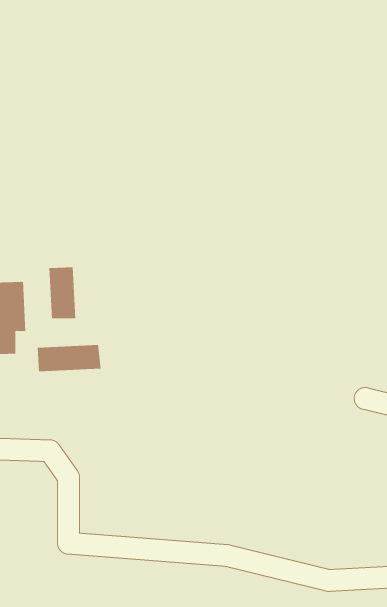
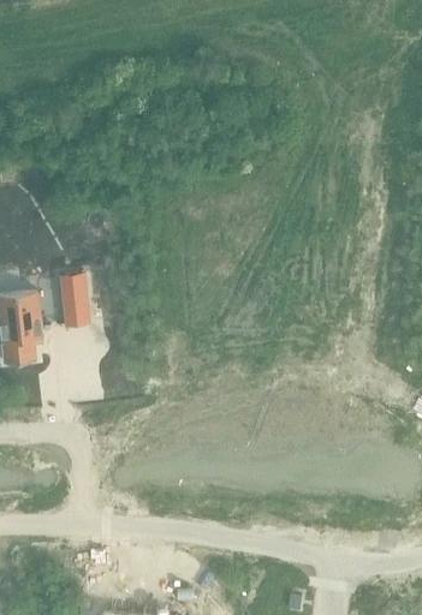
building: [37,344,101,372] -> none

